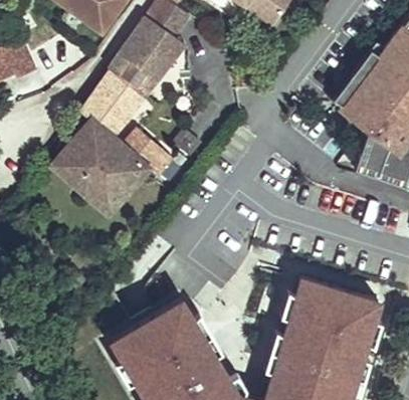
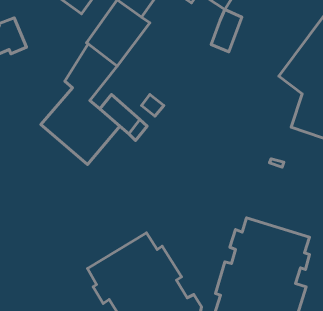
building: none -> [211,10,242,52]

